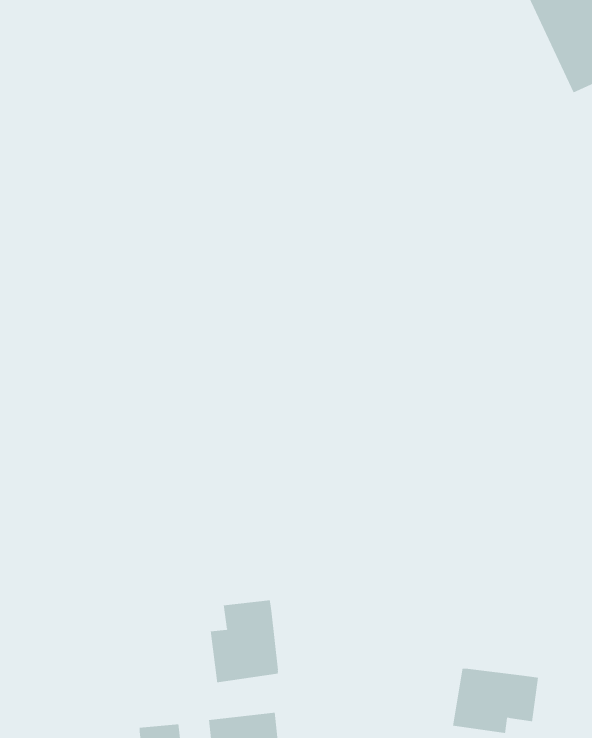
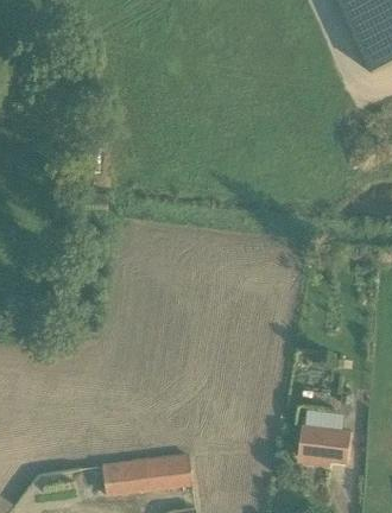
building: [210,600,278,683] -> none

